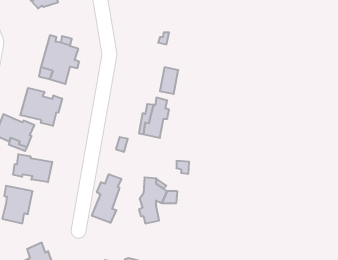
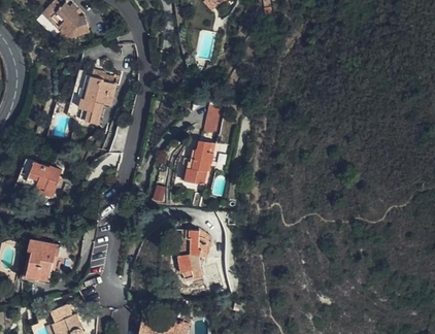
building: [20,88,62,126] -> none
building: [13,154,52,182] -> none
building: [92,174,121,223] -> none

